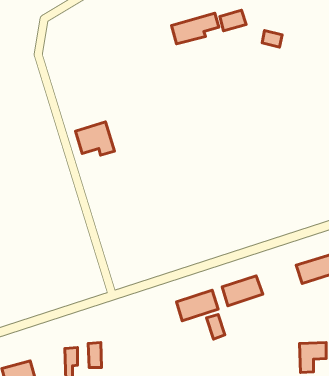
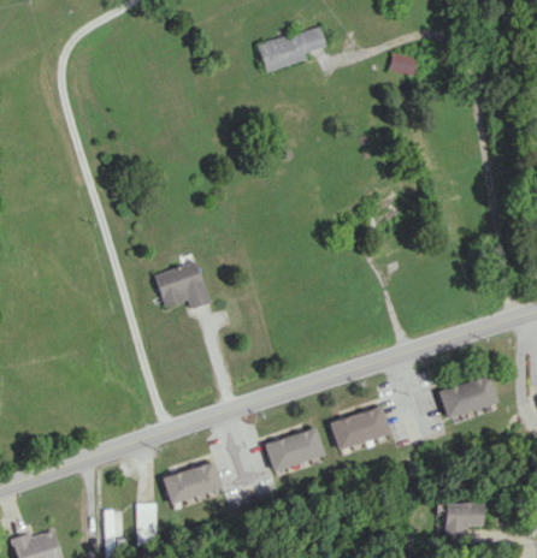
building: [220,10,246,31] -> none
building: [76,122,115,155] -> [154,261,211,309]
building: none -> [163,462,222,504]
building: [207,314,225,339] -> none

